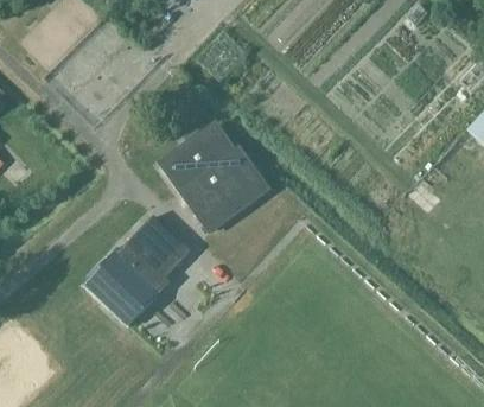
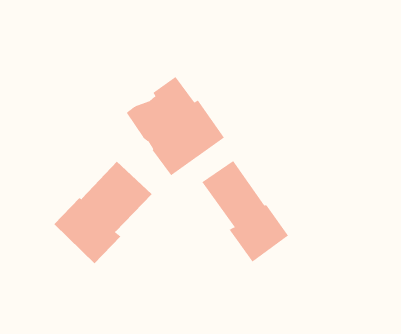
building: none -> [202,160,289,262]

